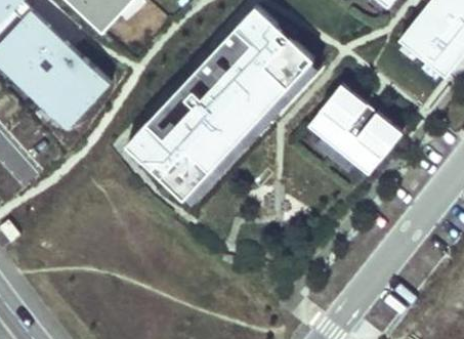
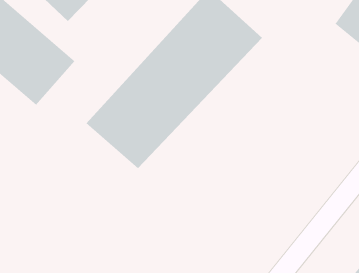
building: [303,84,400,178] -> none

